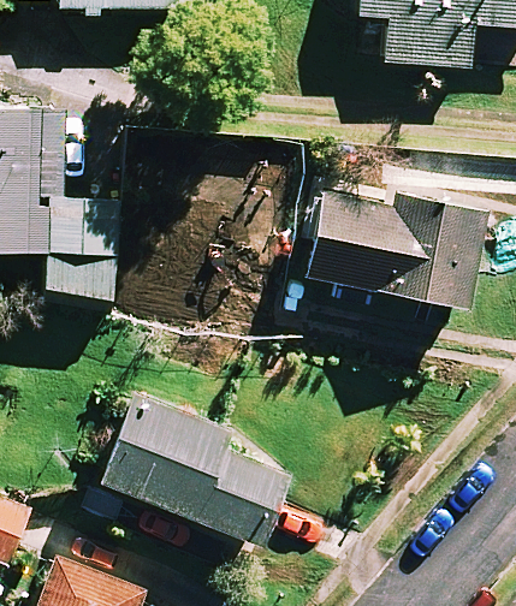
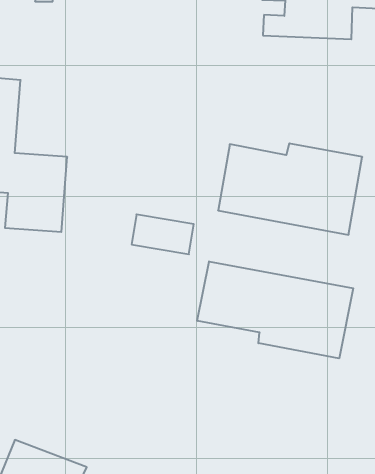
building: none -> [197,261,353,358]
building: [97,396,286,541] -> none

